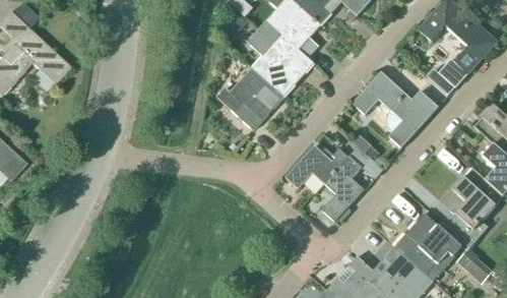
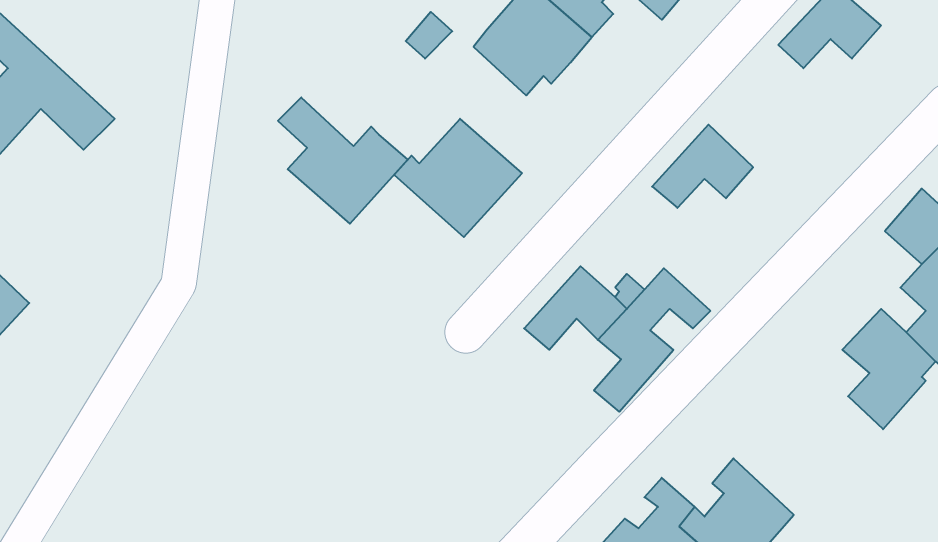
building: [434,18,497,94] -> none
building: [247,29,315,96] -> [278,97,408,224]
building: [389,90,439,147] -> none
building: [395,213,461,280] -> none
building: [456,246,494,284] -> none

